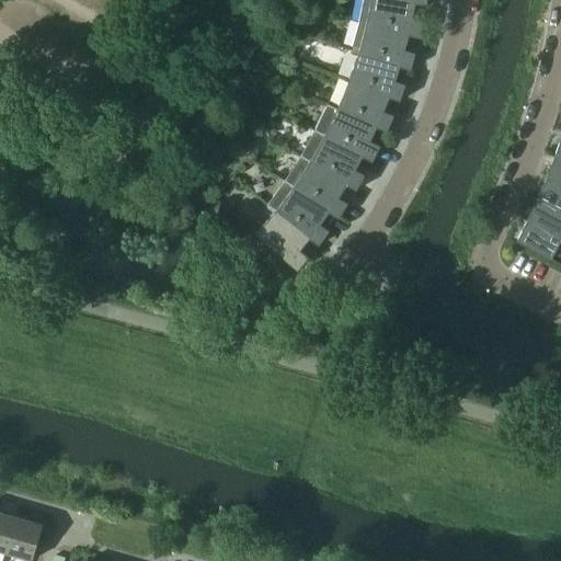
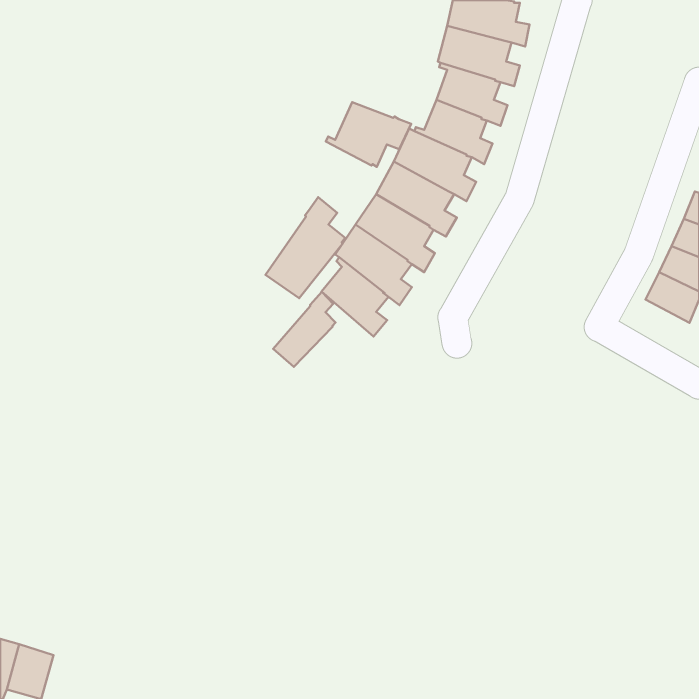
building: none -> [326,102,411,167]
building: none -> [266,197,345,298]
building: none -> [273,292,335,367]

